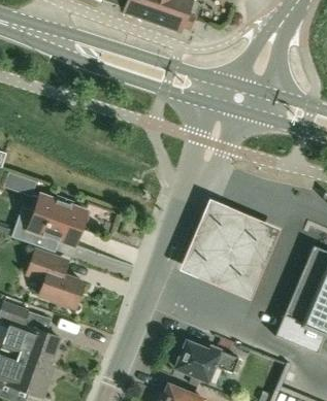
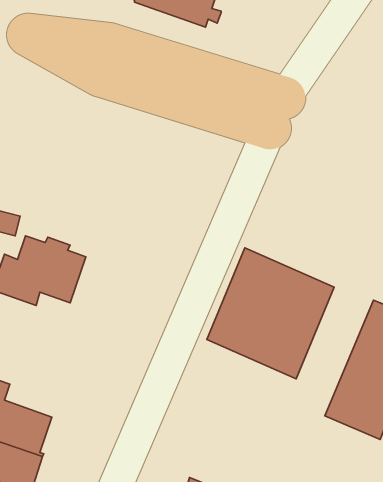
building: [27,247,85,305] -> none
building: [172,339,238,379] -> none

